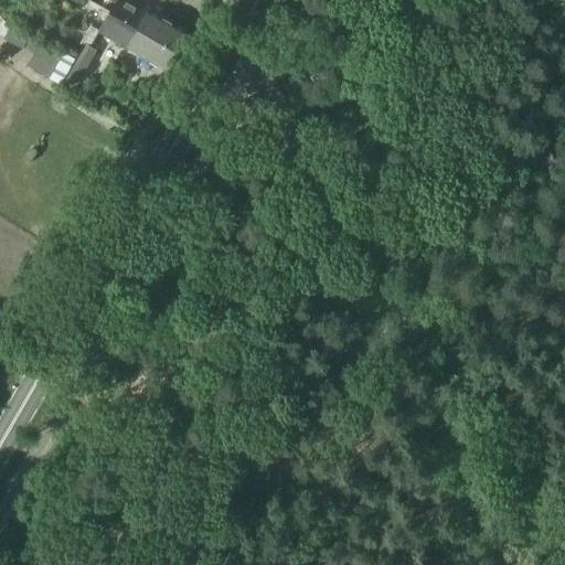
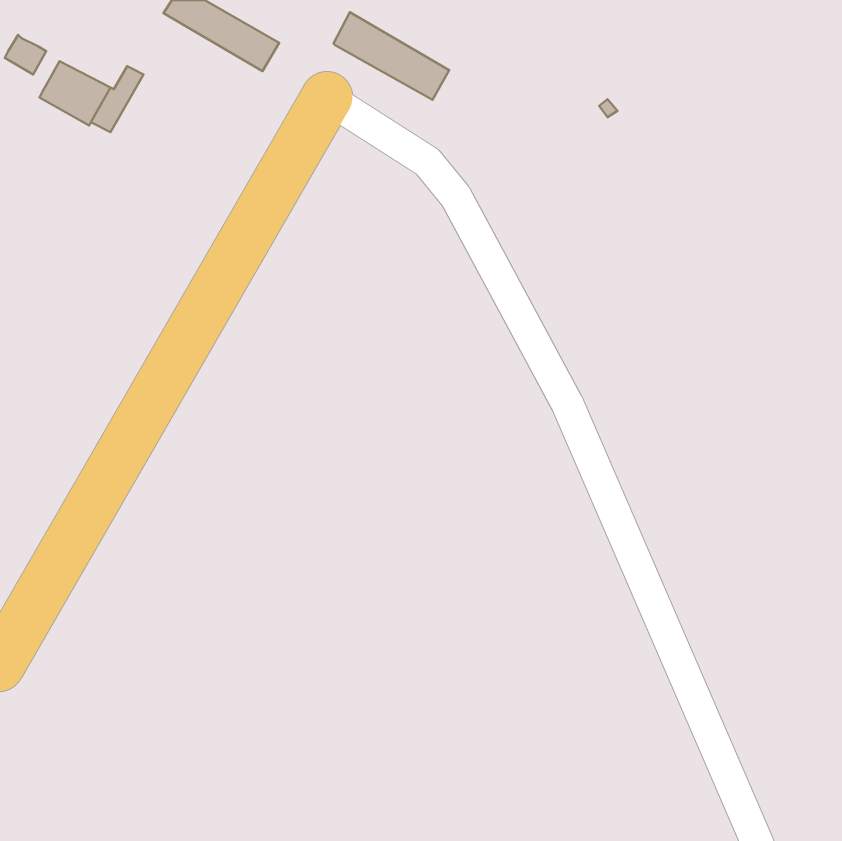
building: [98,11,175,70] -> [333,12,449,100]

